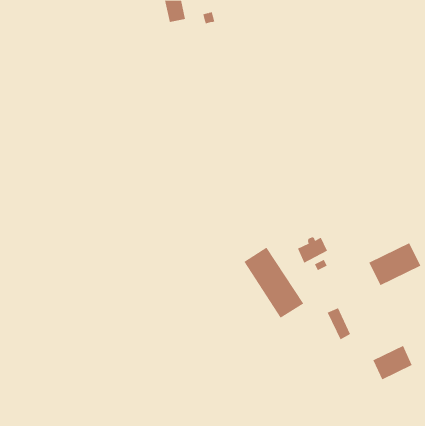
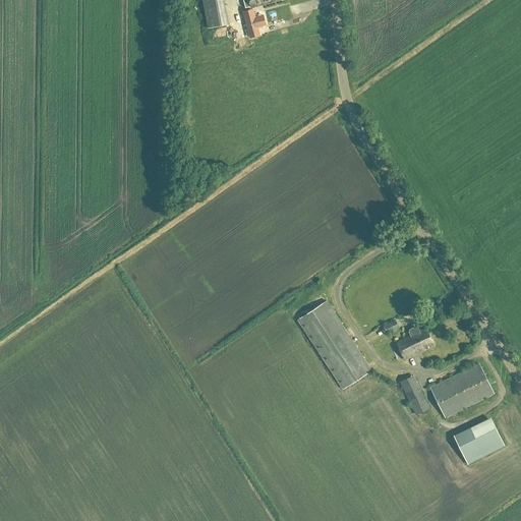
building: [297,237,328,263] -> [396,327,433,359]
building: [369,243,421,286] -> [429,364,494,417]

